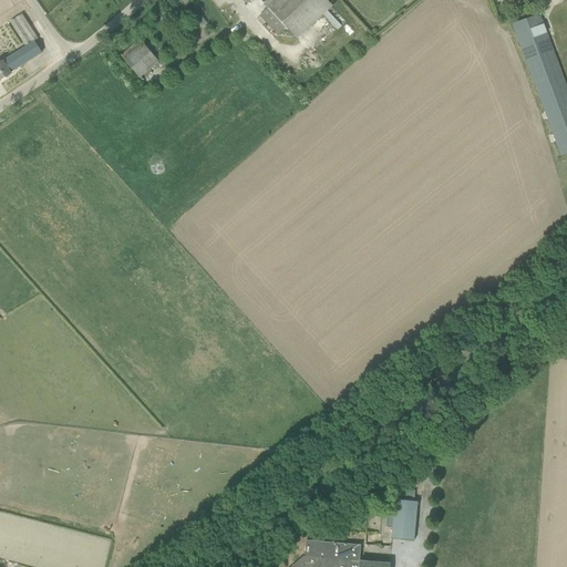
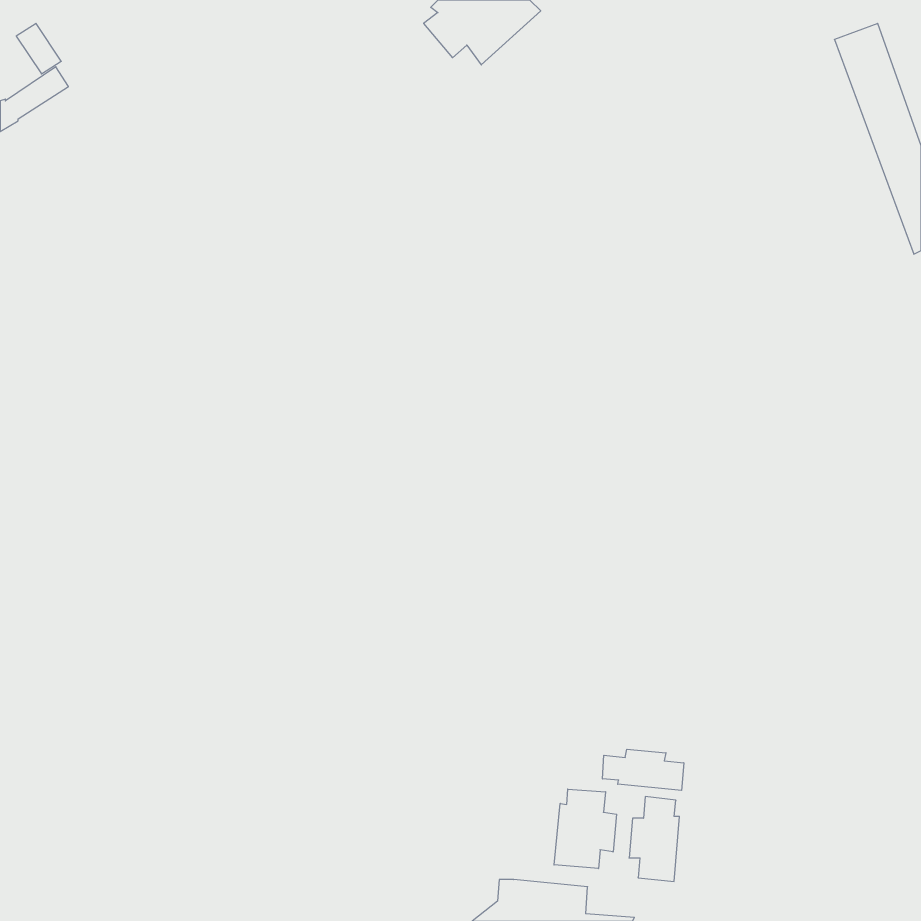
building: [121,40,158,78] -> none
building: none -> [603,749,684,790]
building: none -> [554,789,617,869]

